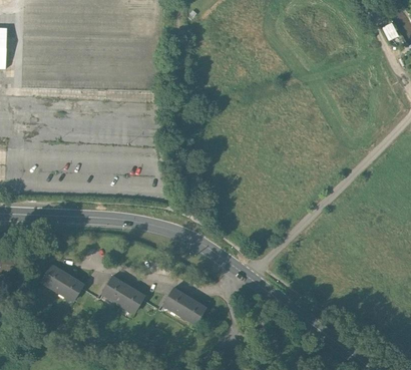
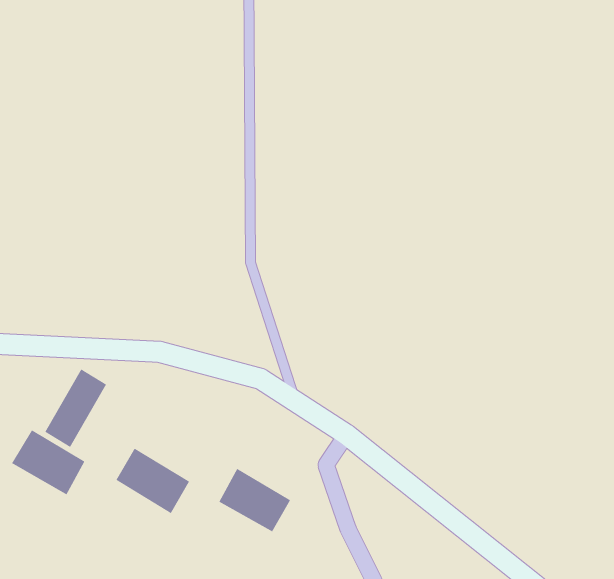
building: none -> [45,369,107,448]

